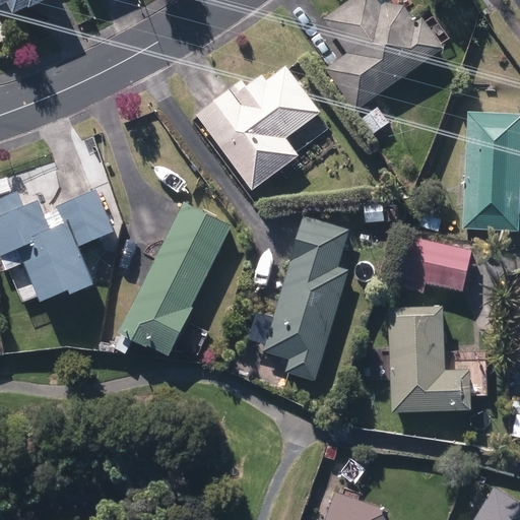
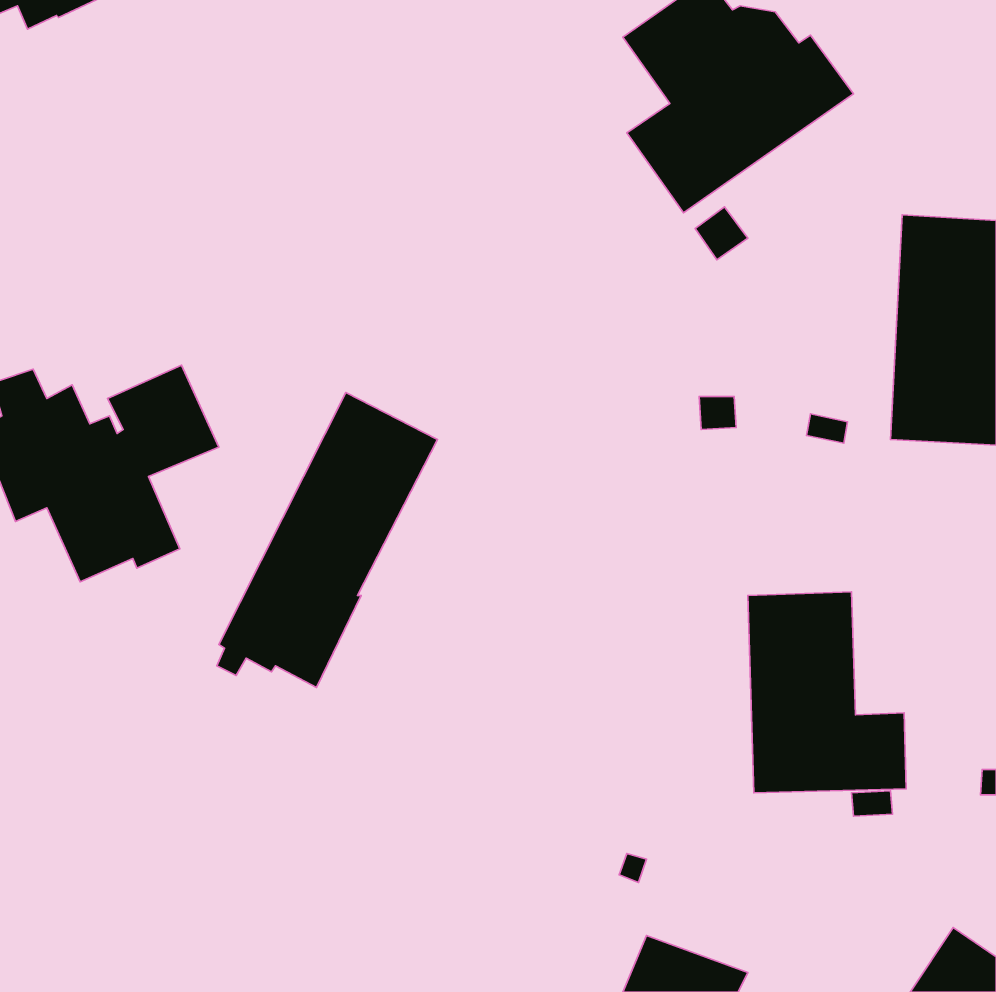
building: [197,67,327,191] -> none
building: [259,216,349,381] -> none
building: [397,237,472,292] -> none

